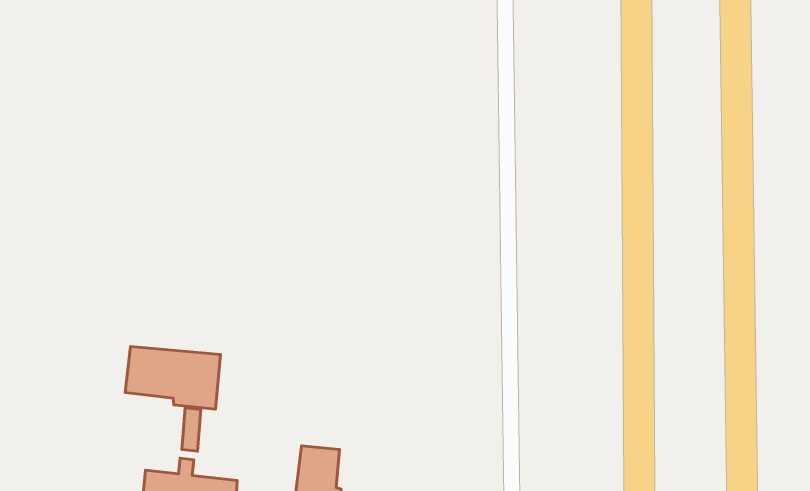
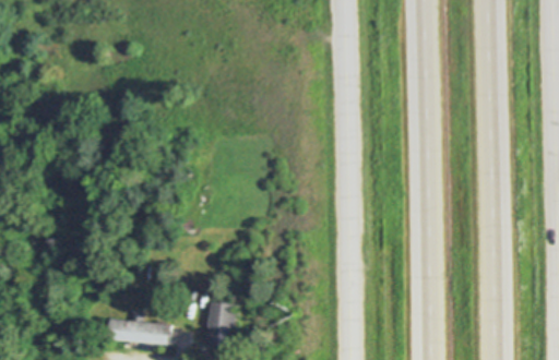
building: [125,347,221,409] -> none

